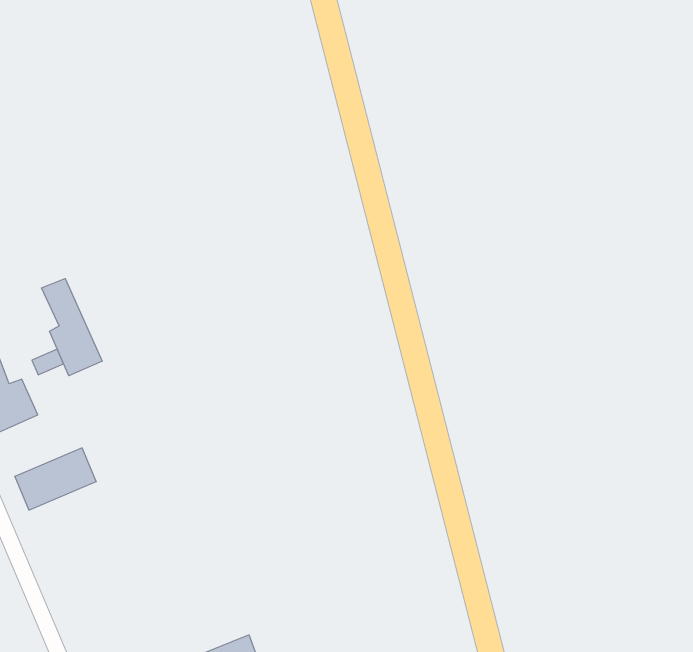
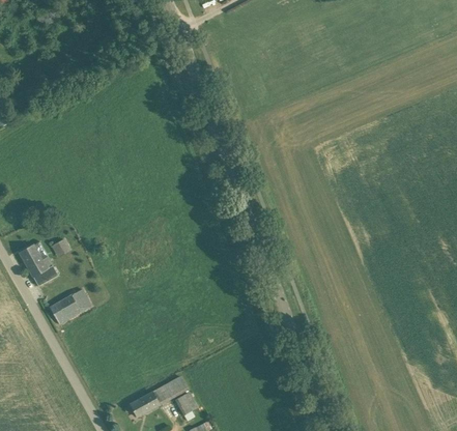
building: [42,279,102,376] -> none

